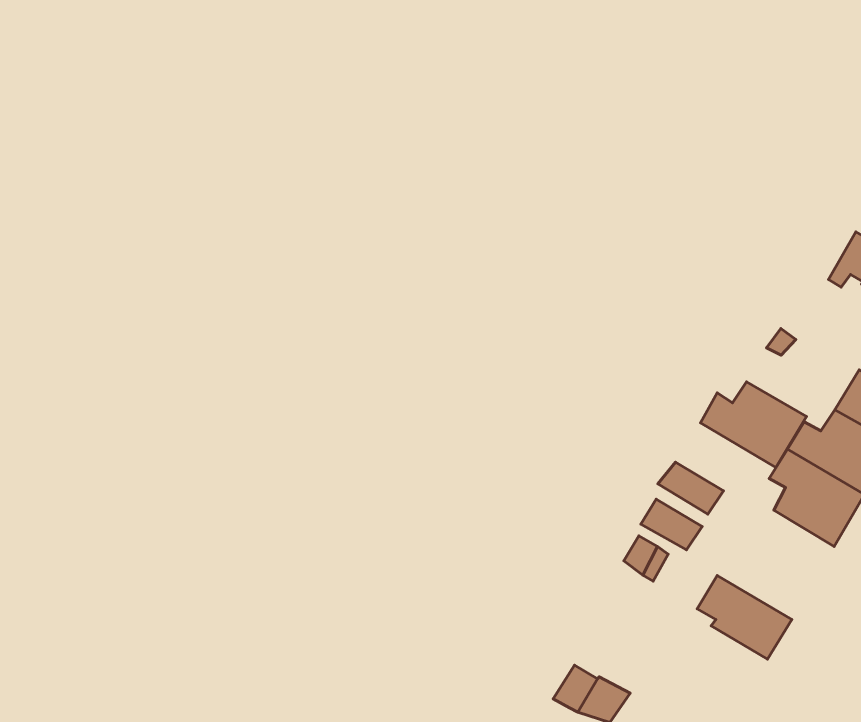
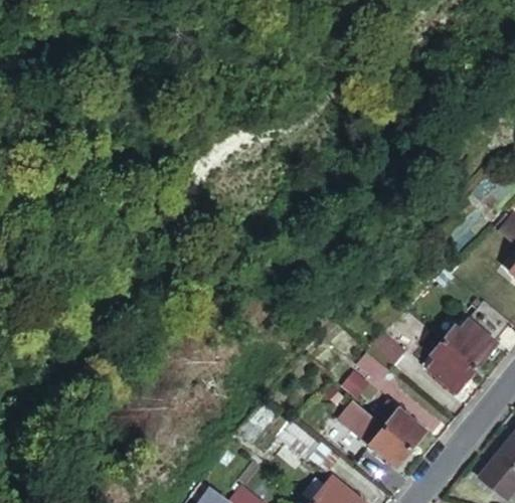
building: [701,382,807,467] -> none
building: none -> [340,400,412,467]

